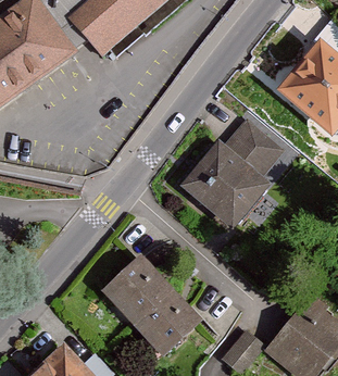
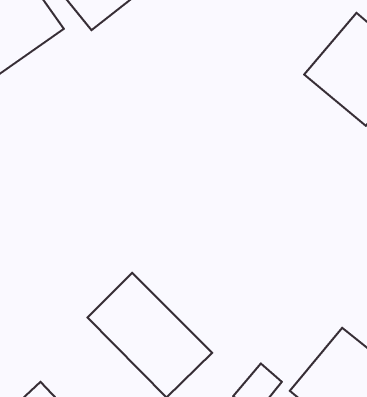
building: [178,117,278,227] -> none

